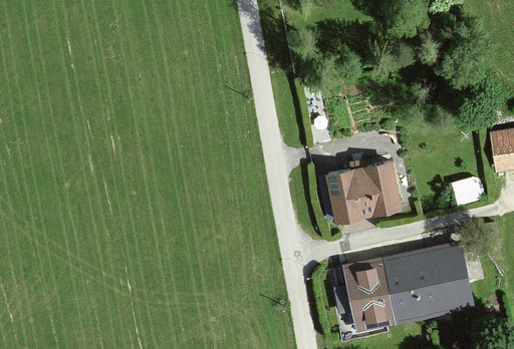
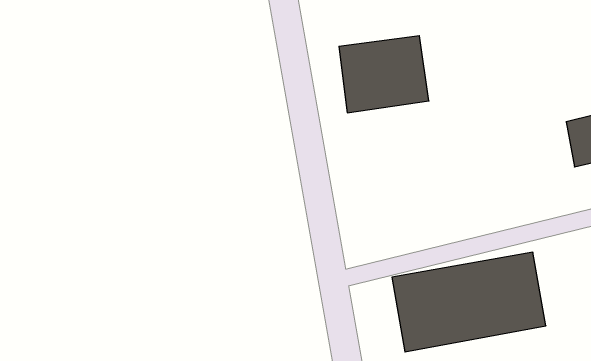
building: [326,161,403,227] -> [339,36,429,113]

